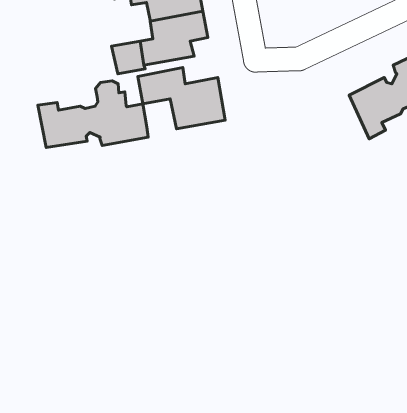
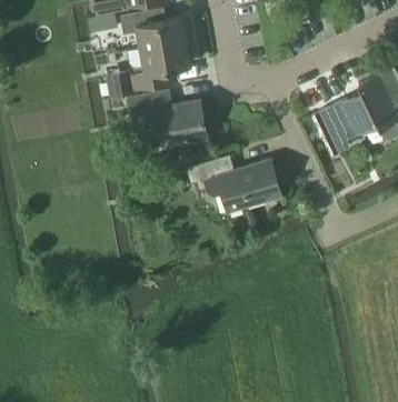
building: [38,81,148,148] -> none
building: none -> [187,155,281,212]

